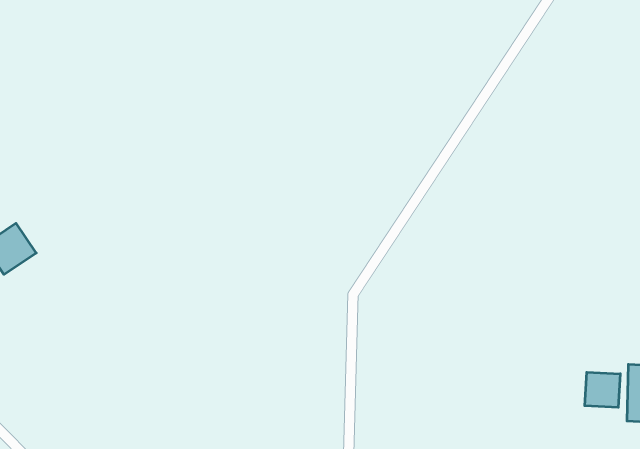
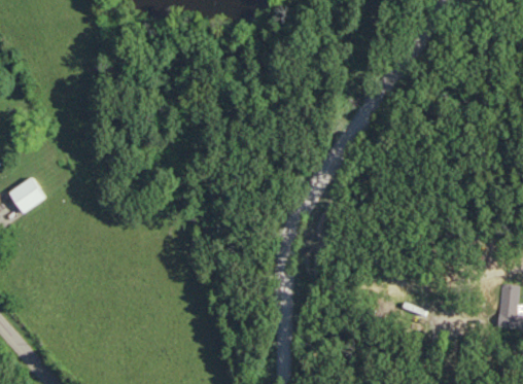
building: [585,372,620,407] -> none

